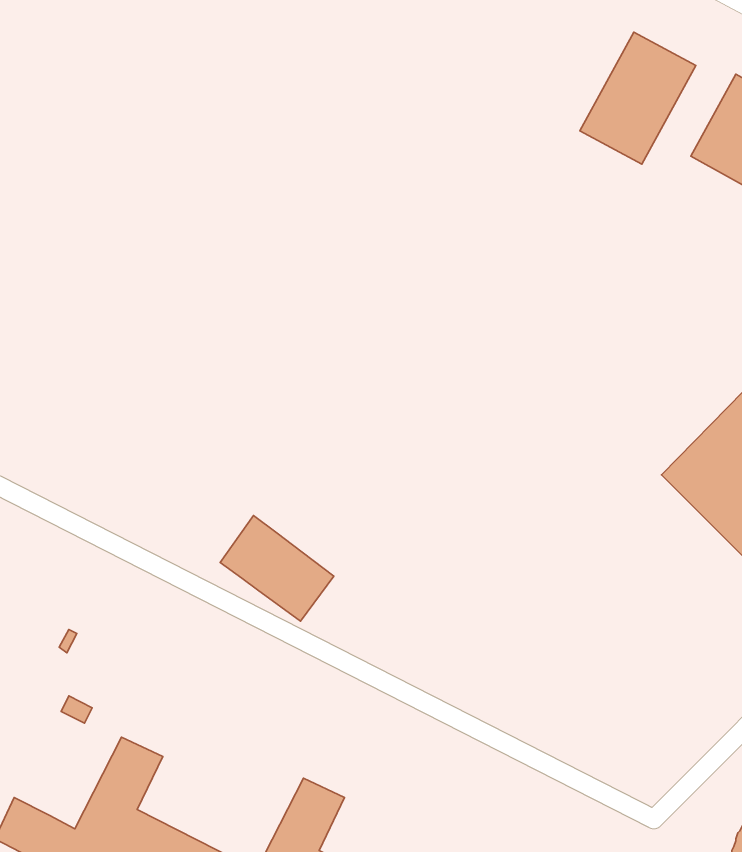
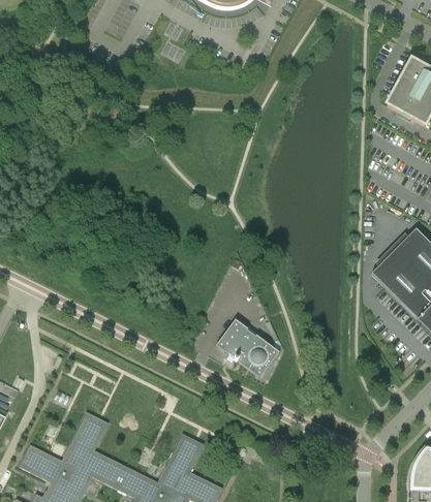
building: [580,32,696,164] -> none
building: [220,516,334,621] -> [218,319,278,375]

